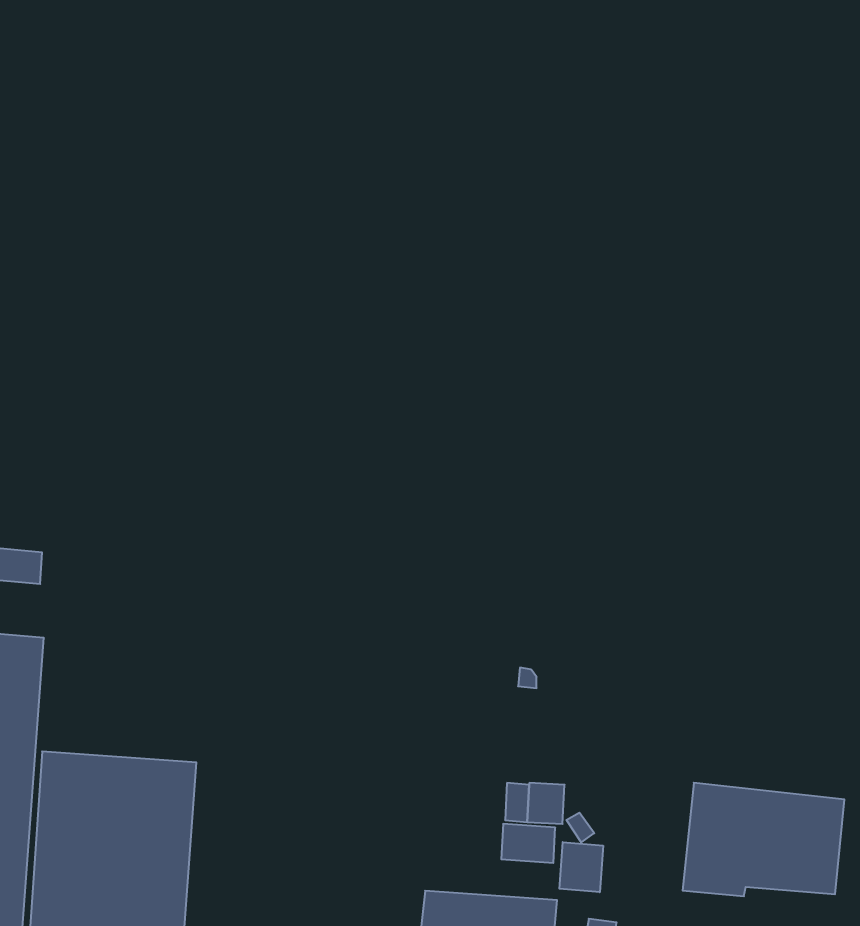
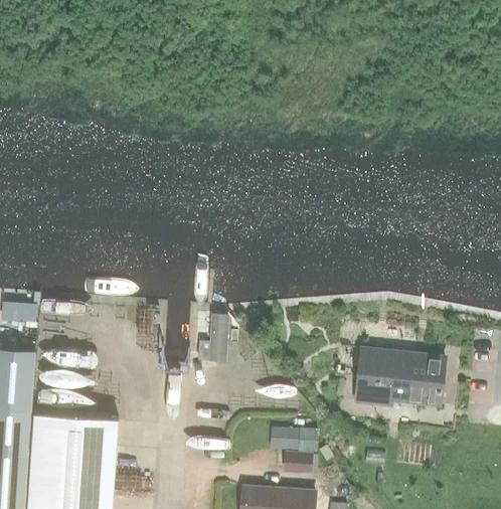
building: [683,783,844,896] -> [353,345,441,406]
building: [559,842,603,892] -> none

